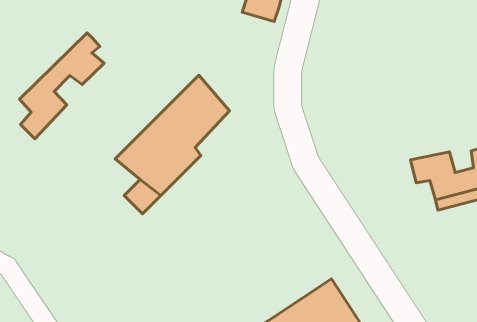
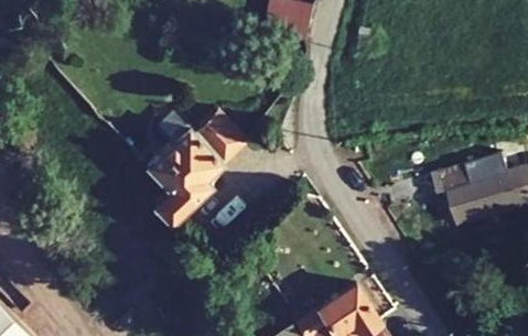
building: [19,33,104,139] -> none

